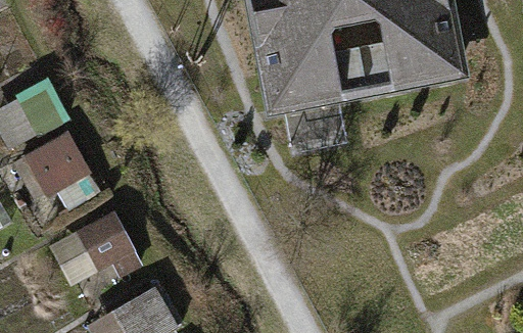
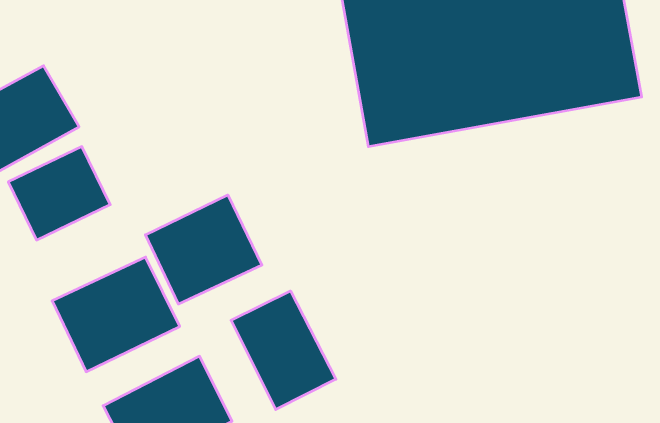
building: none -> [145,195,262,304]
building: none -> [231,291,336,410]

